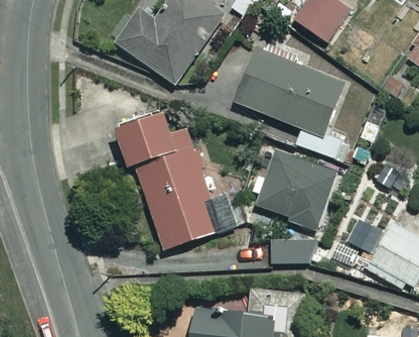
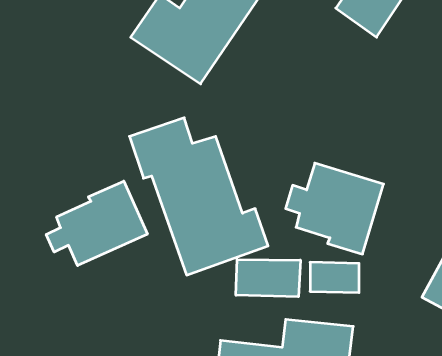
building: [235,49,341,135] -> none
building: none -> [46,181,147,266]
building: none -> [236,259,300,297]

